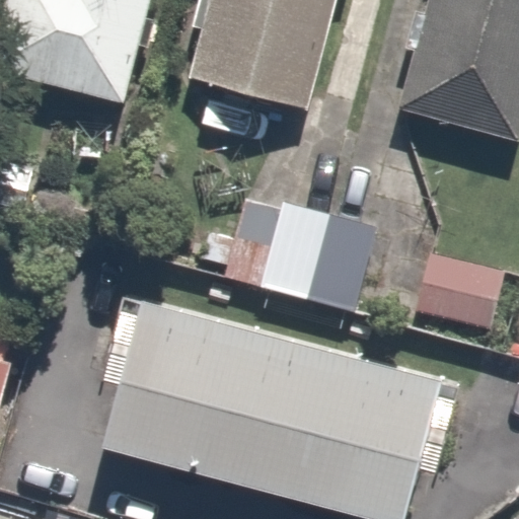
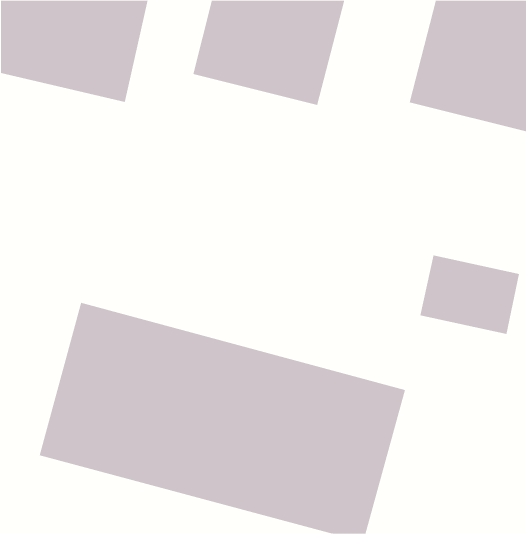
building: [228,190,385,306] -> none

